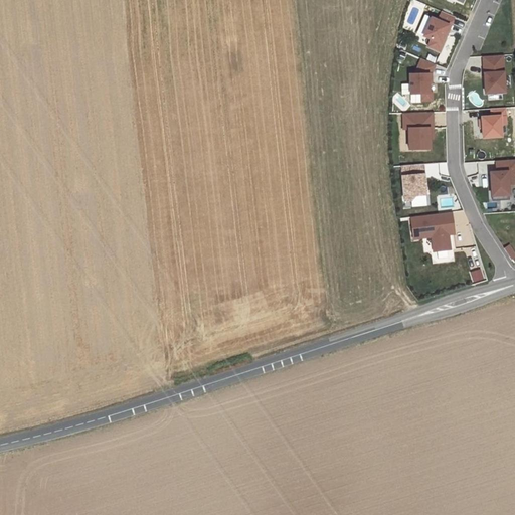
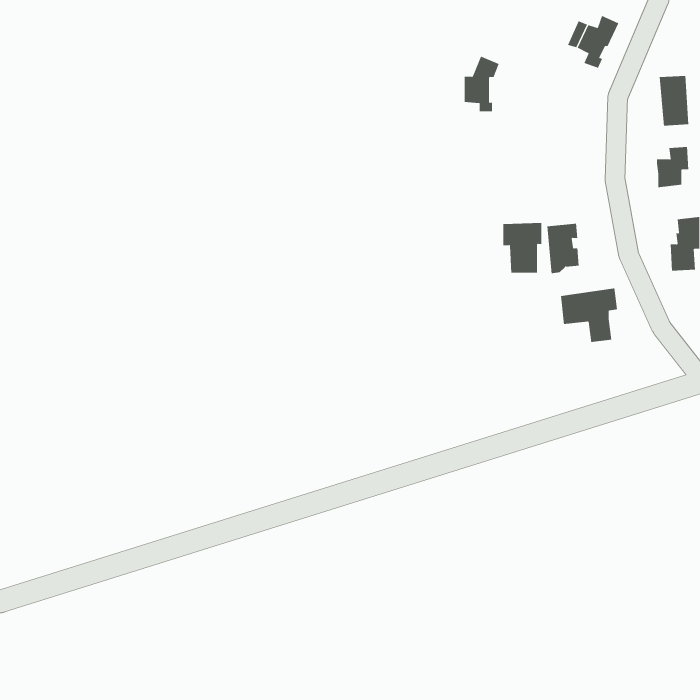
building: [409,58,436,100] -> [464,56,500,112]
building: [403,112,433,149] -> [502,222,542,273]

